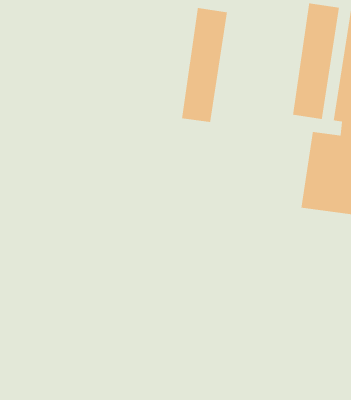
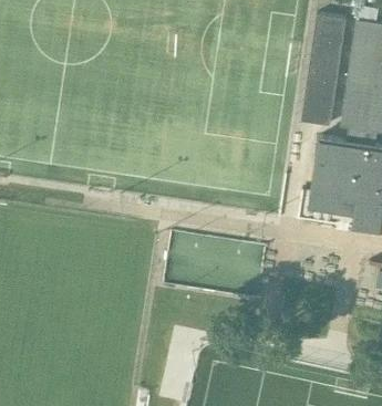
building: [181,7,228,123] -> none

